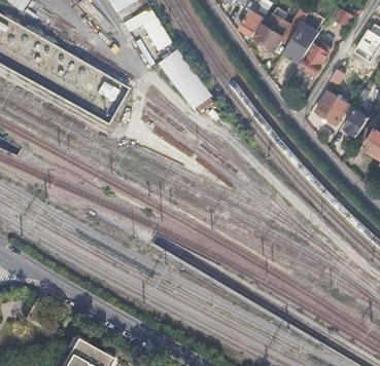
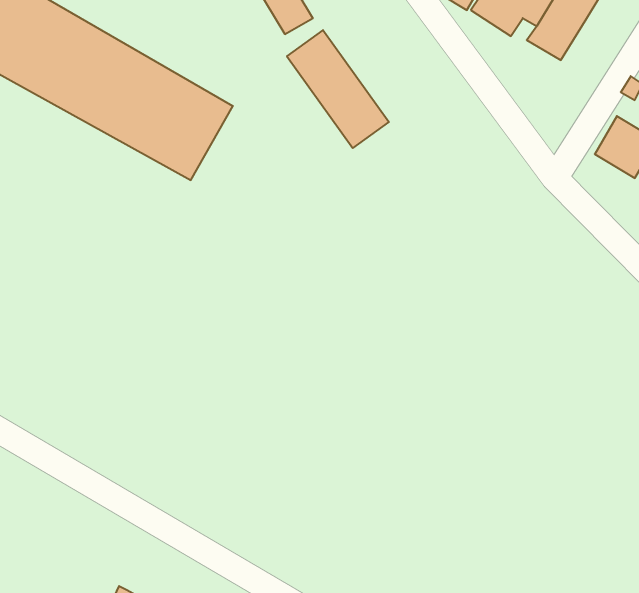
building: [299,42,332,75] -> none

